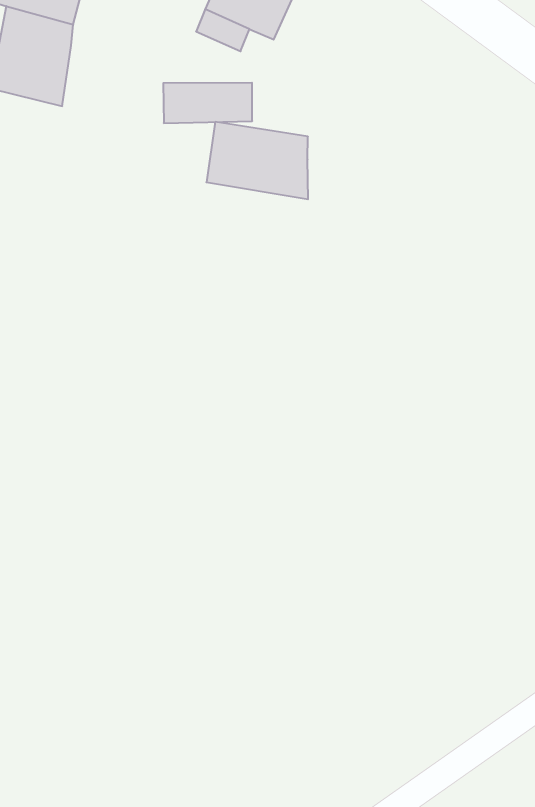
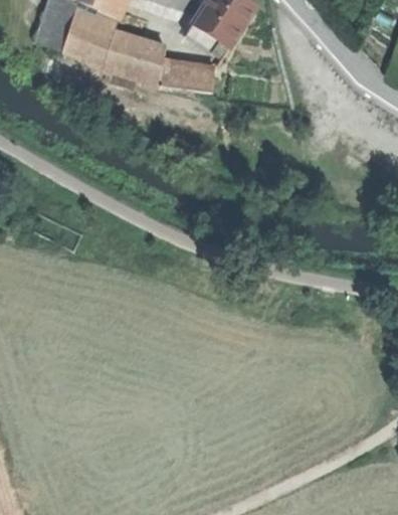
building: [206,122,308,199] -> [102,32,164,84]

